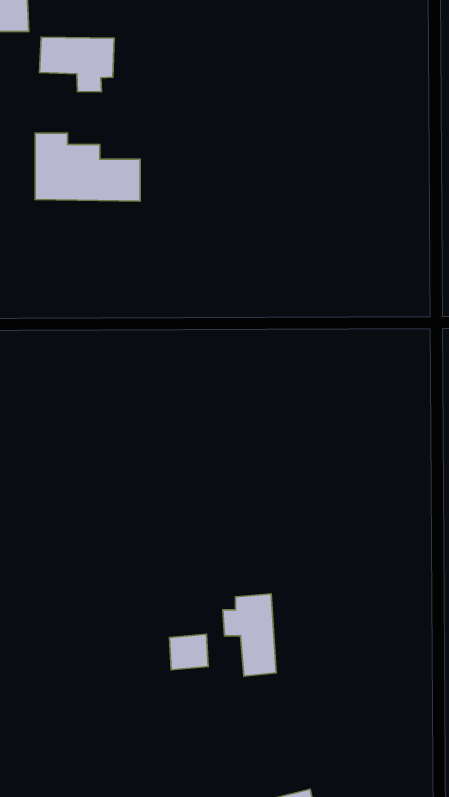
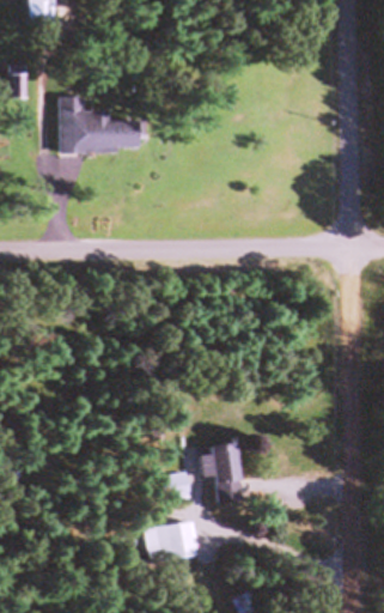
building: [40,37,114,92] -> none
building: none -> [147,520,199,563]

